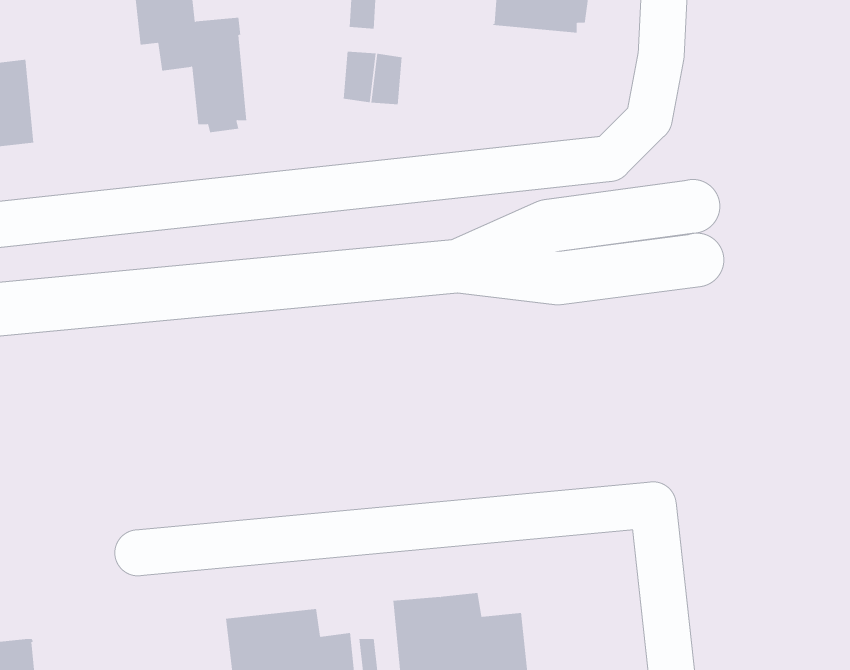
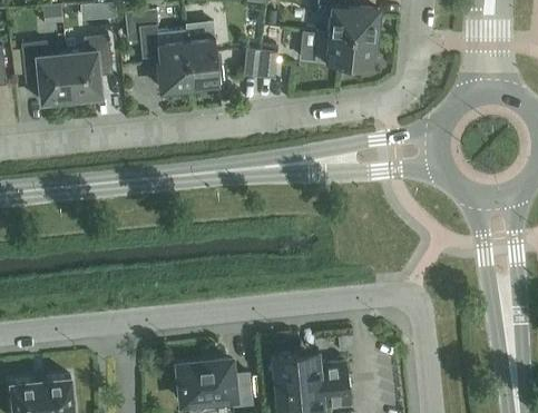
building: none -> [314,32,375,71]
building: none -> [67,36,113,100]
building: none -> [186,38,224,88]

